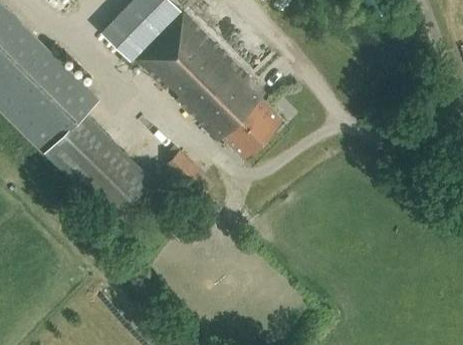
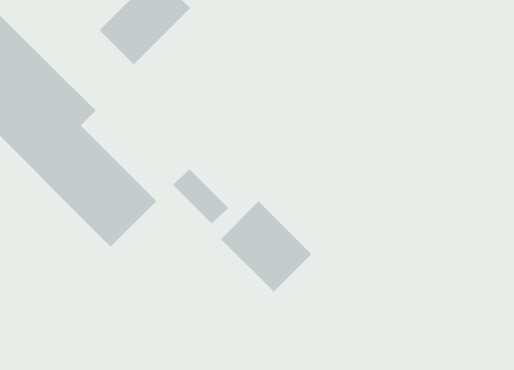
building: [137,14,282,158] -> none
building: none -> [220,201,312,293]

